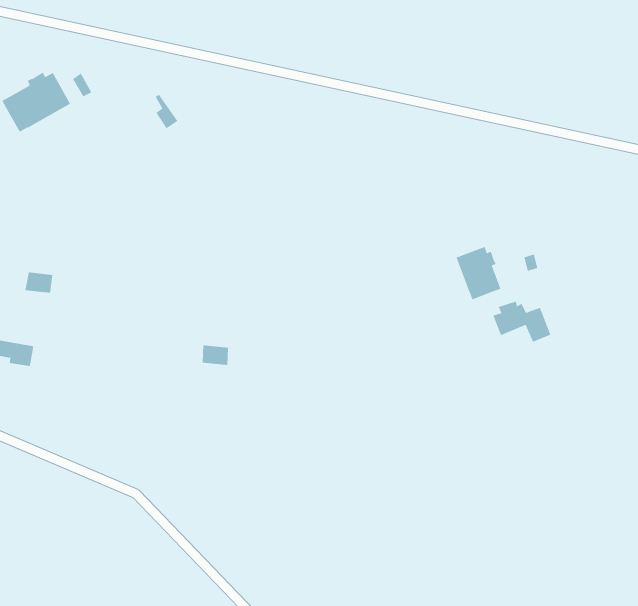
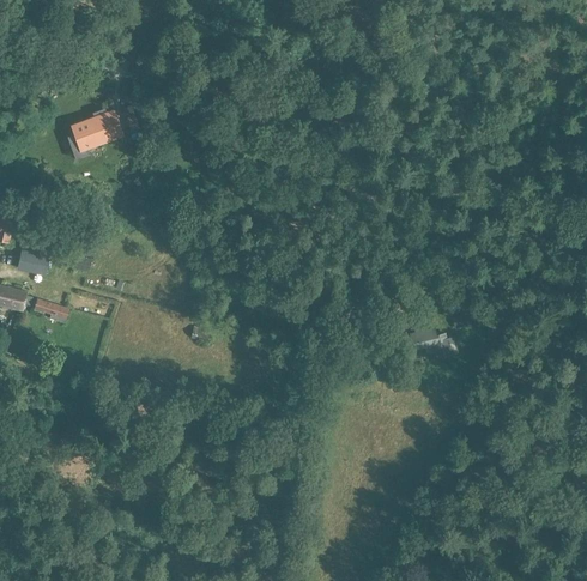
building: [456,246,501,300] -> none

